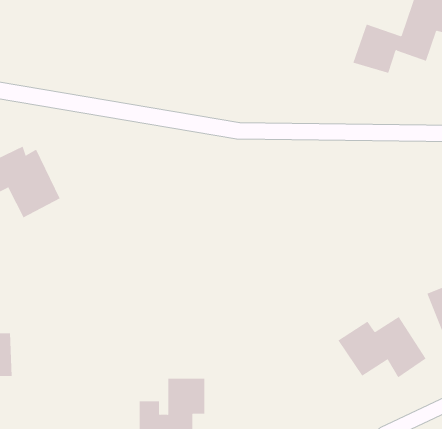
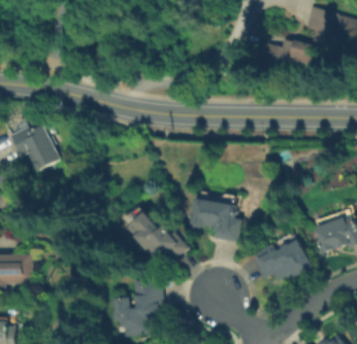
building: none -> [193,196,244,243]
building: none -> [122,206,190,261]

